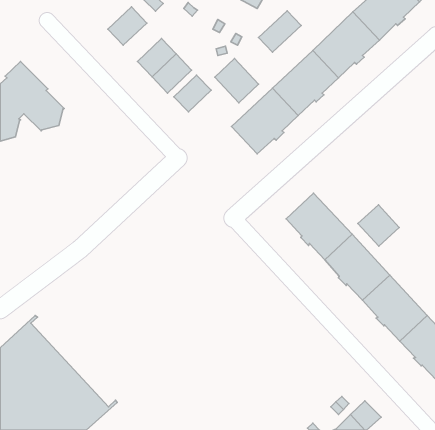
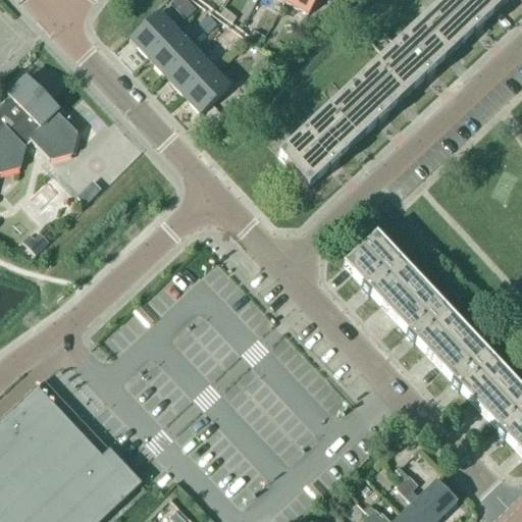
building: [259,11,301,52] -> none
building: none -> [149,28,195,73]
building: [215,58,258,103] -> none
building: [174,75,211,112] -> none
building: [358,205,399,246] -> none

